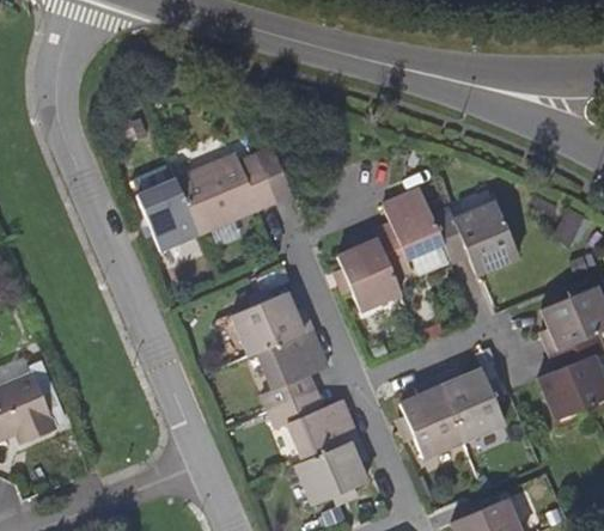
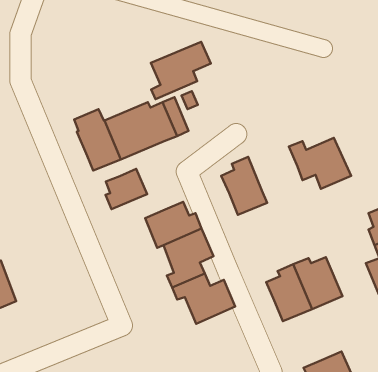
building: none -> [151,42,211,99]
building: [376,190,444,277] -> none
building: none -> [106,169,147,209]
building: [295,438,367,505] -> none

